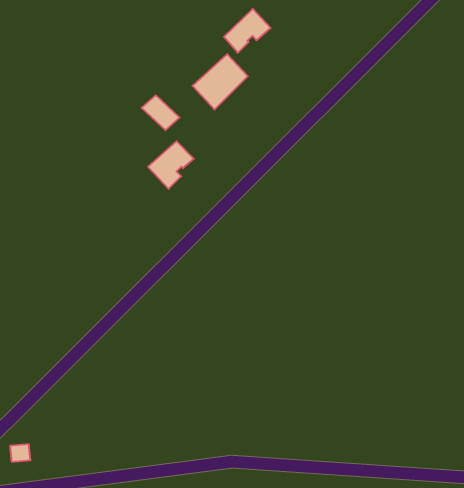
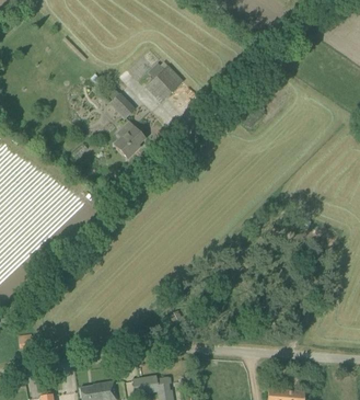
building: [224,9,271,53] -> none

